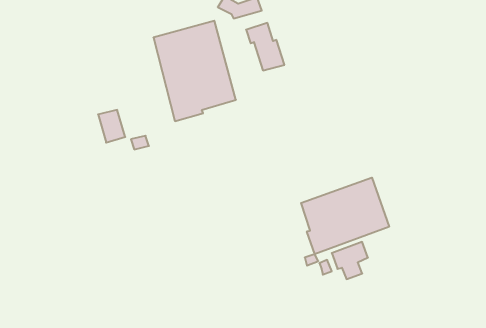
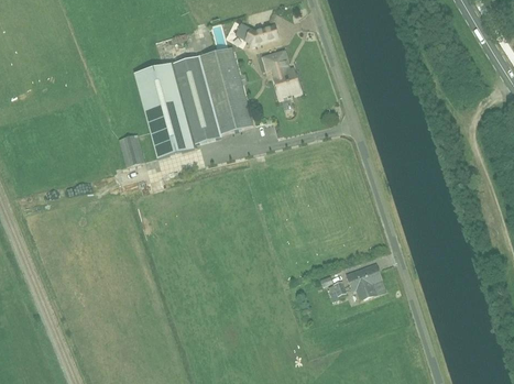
building: none -> [133,63,193,156]
building: [301,178,389,254] -> none

